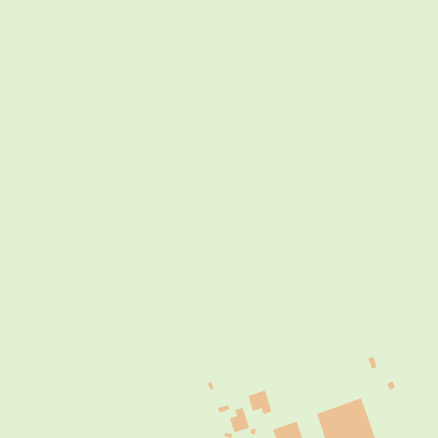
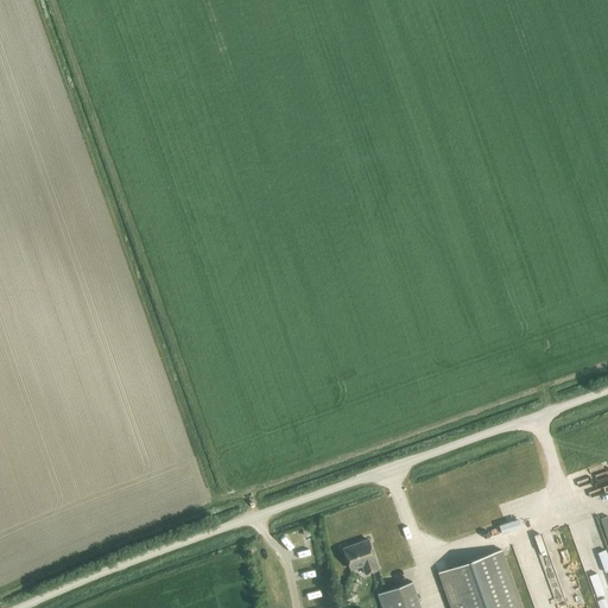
building: [229,407,250,433] -> none

